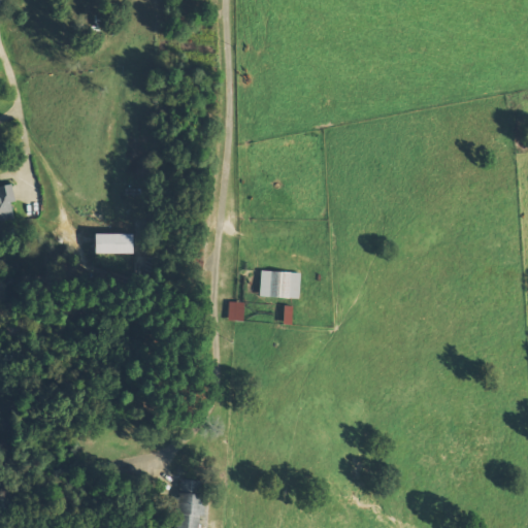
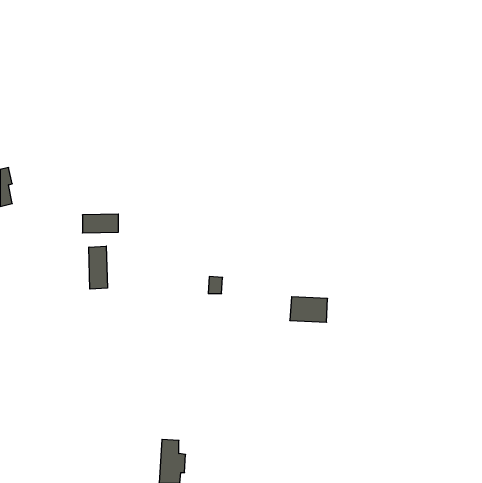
building: none -> [89,246,107,289]
building: [259,270,300,298] -> [290,297,328,322]

